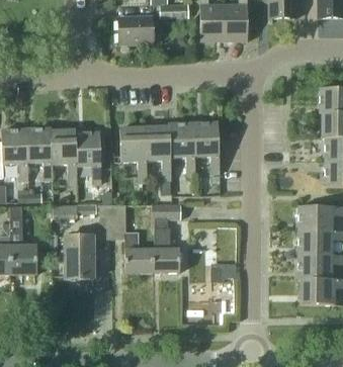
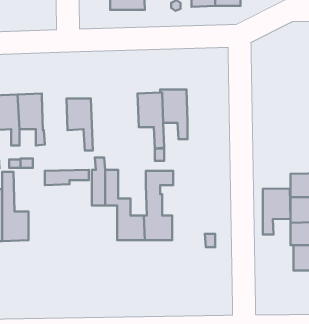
building: [194,122,220,172] -> none
building: [120,127,148,182] -> none
building: [51,129,77,185] -> none
building: none -> [263,189,290,235]
building: [65,237,95,279] -> none

